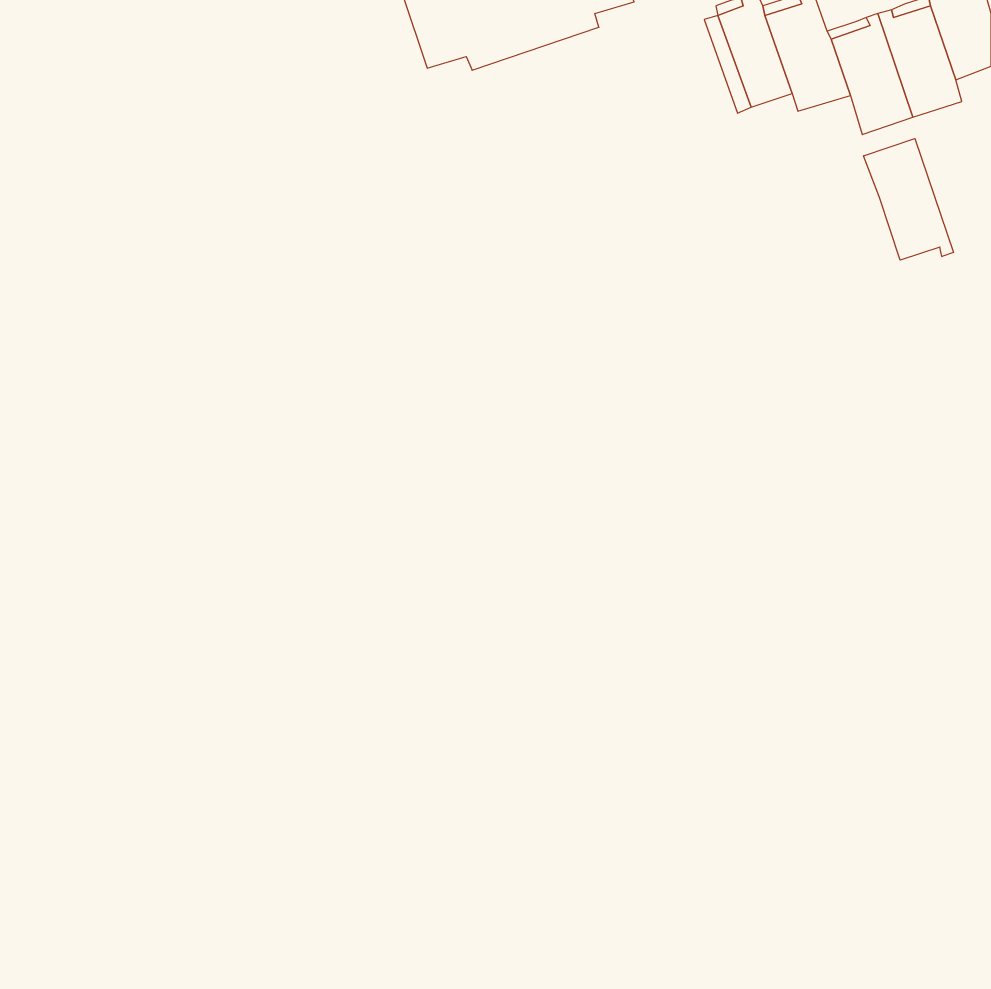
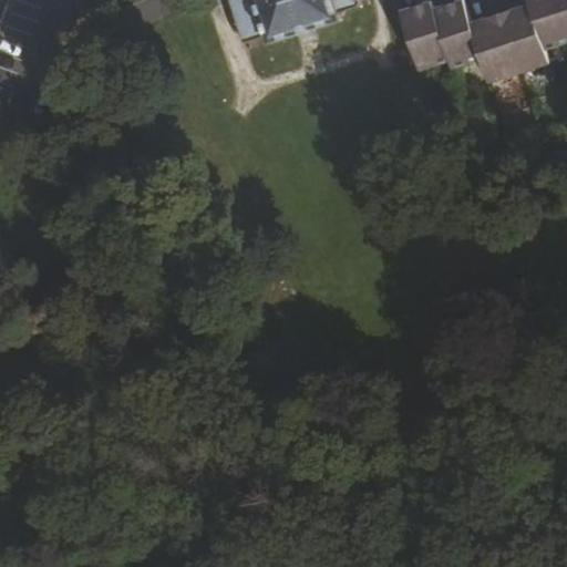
building: [864,139,954,260] -> none

